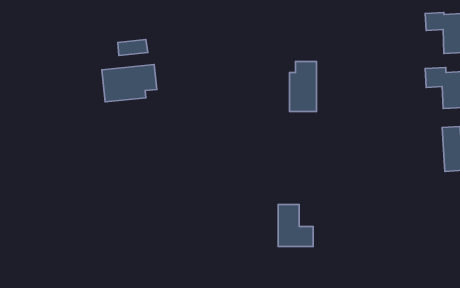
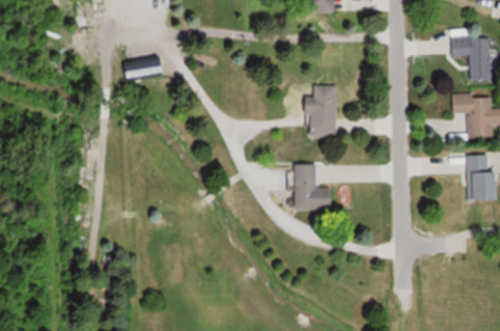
building: [102,64,157,102] -> none
building: [278,204,313,246] -> [296,166,332,210]

